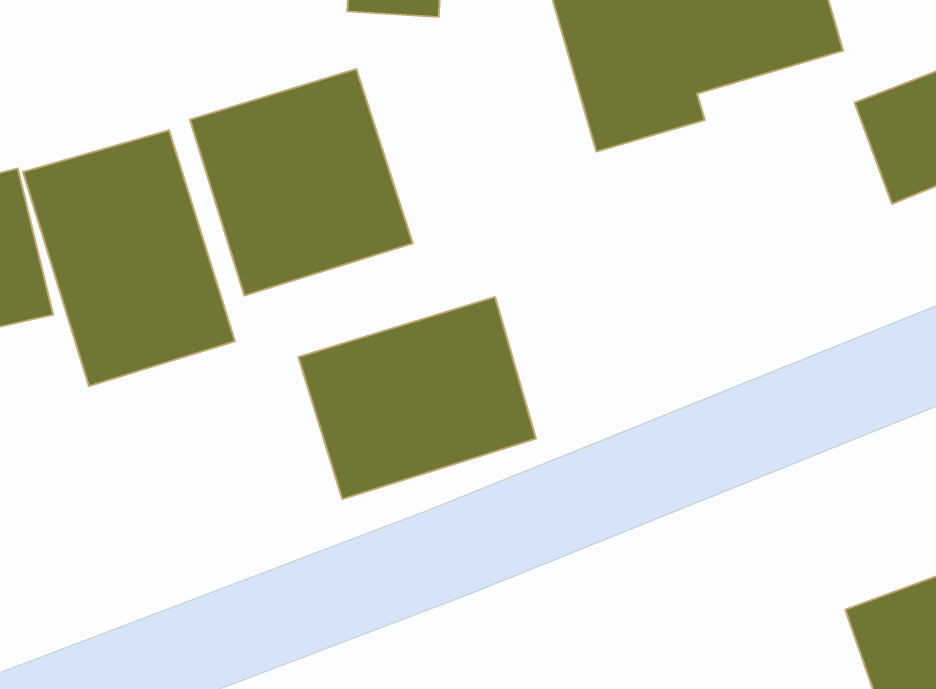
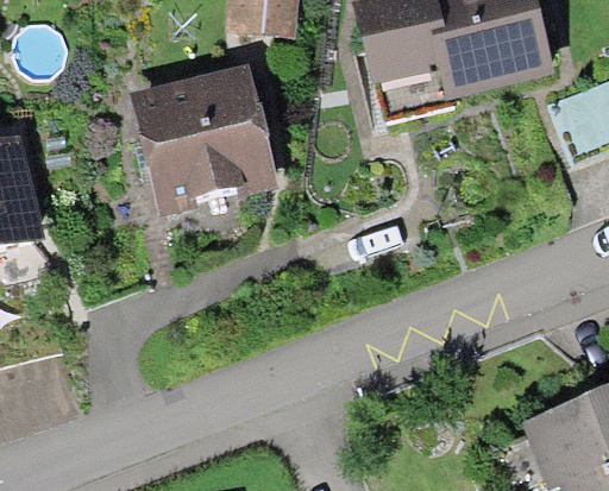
building: [23,130,235,386] -> none
building: [299,297,536,499] -> none

